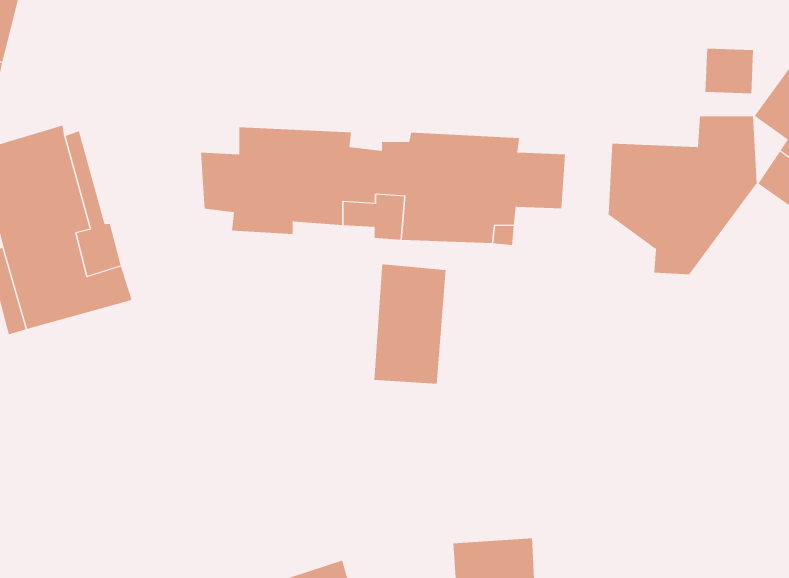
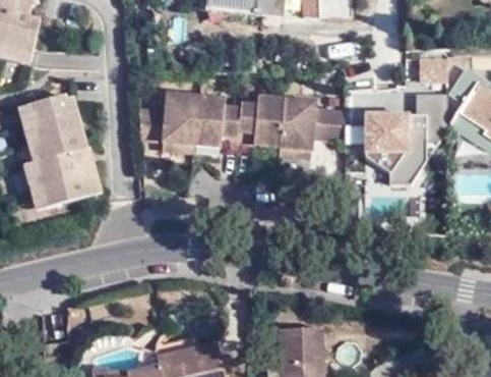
building: [374,264,446,384] -> none

